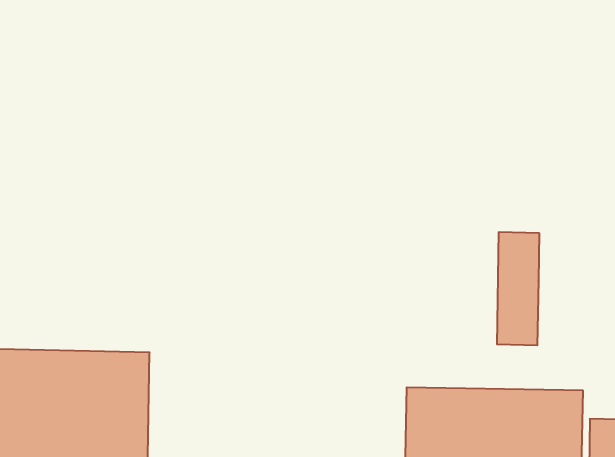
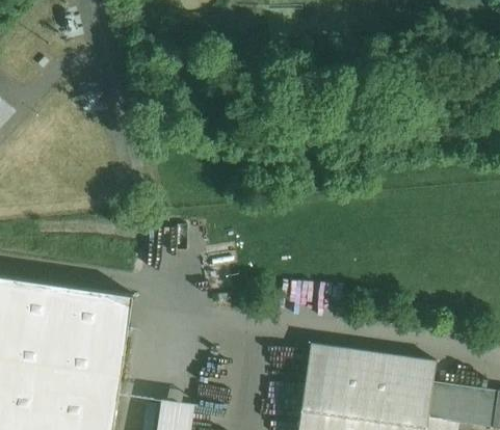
building: [497,232,539,345] -> none

